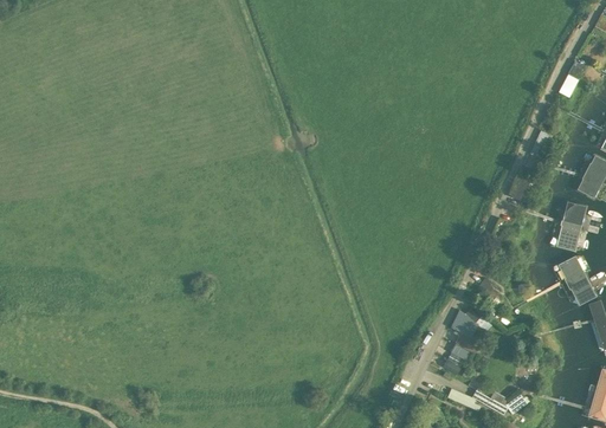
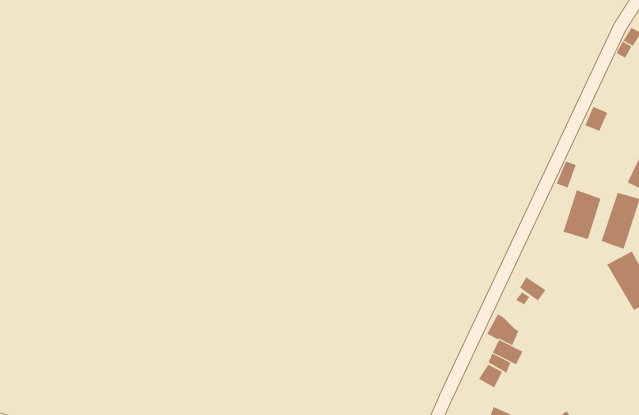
building: none -> [563,189,601,240]

